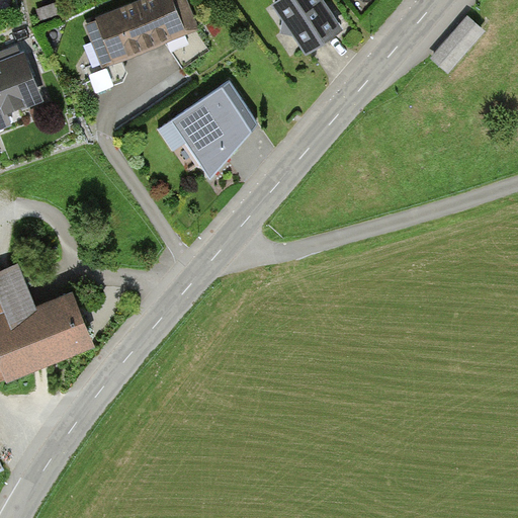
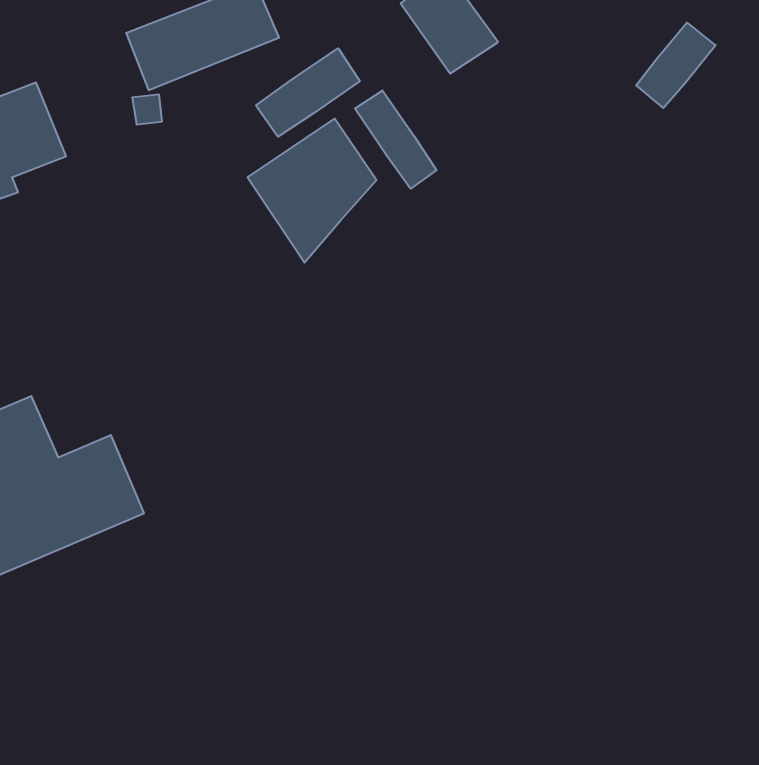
building: none -> [256,48,360,137]
building: none -> [355,90,436,189]

